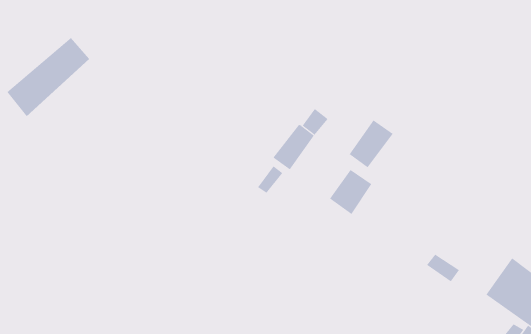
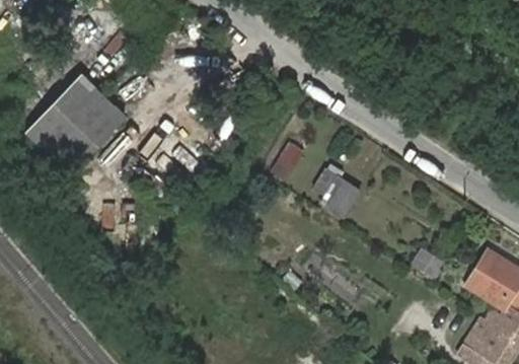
building: none -> [48,94,124,171]
building: [349,119,393,168] -> none

